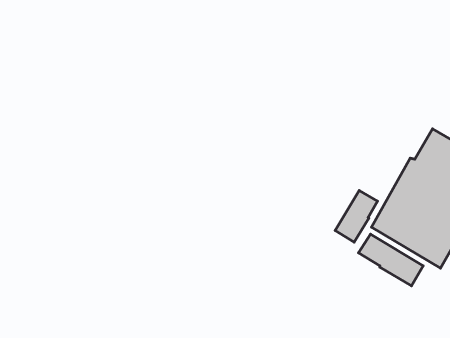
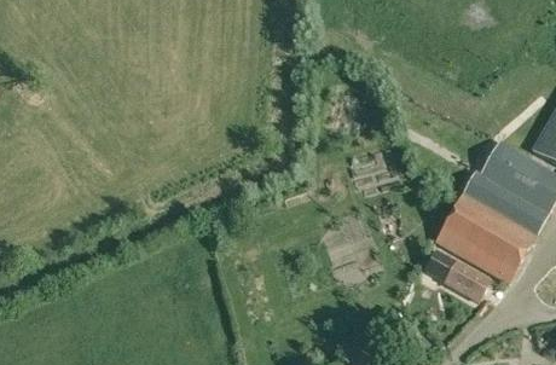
building: [335,190,378,242] -> none

